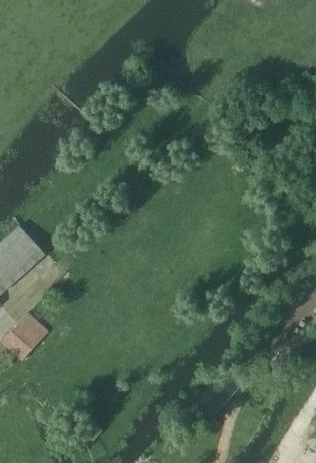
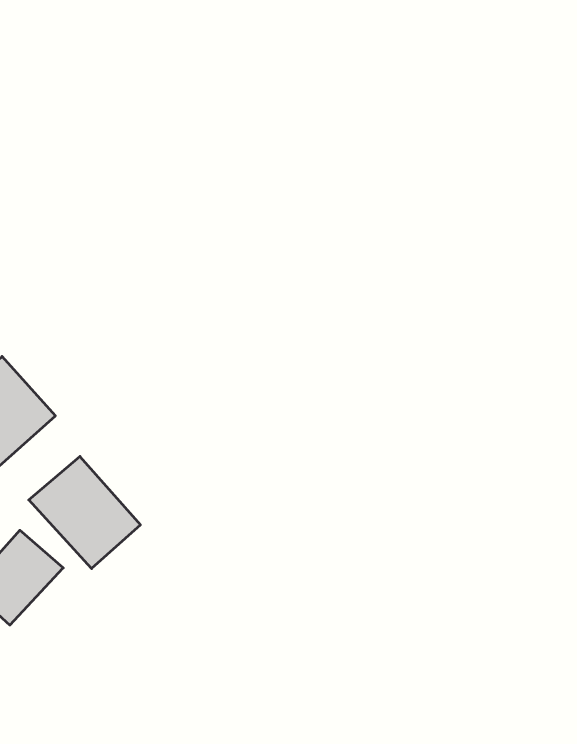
building: none -> [29,456,140,569]

